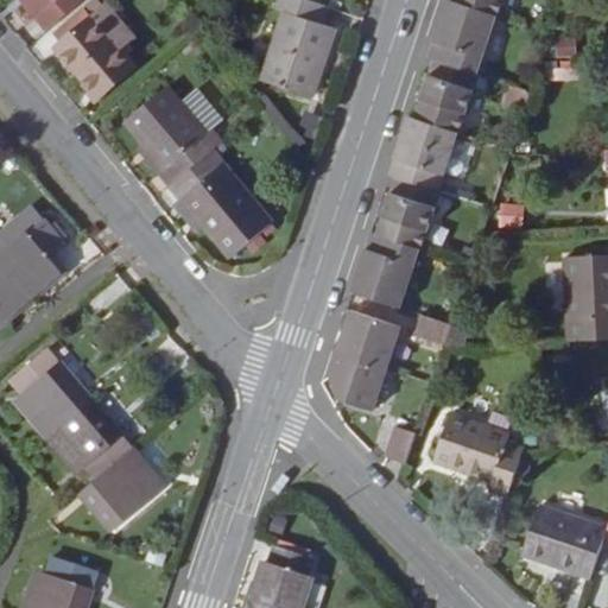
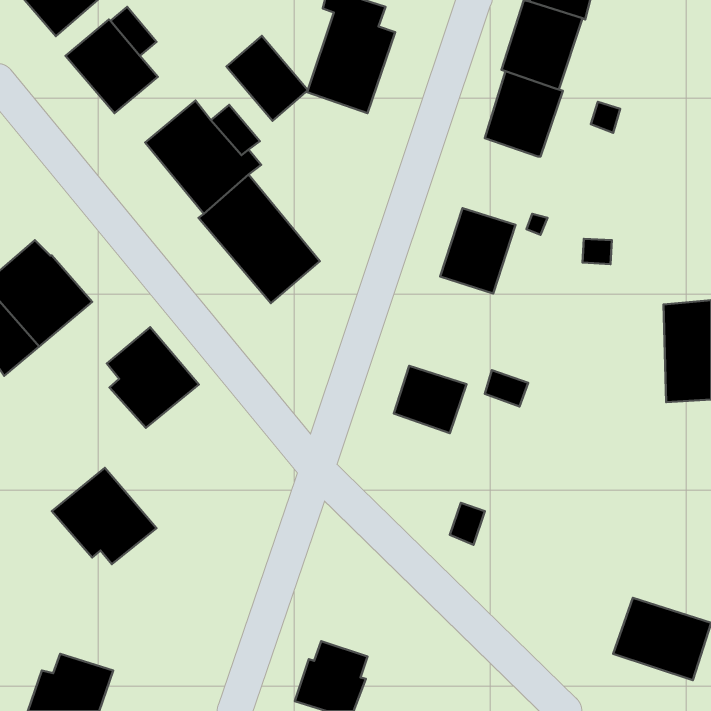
building: none -> [226,36,308,121]
building: [388,115,457,191] -> none
building: [349,233,419,309] -> none
building: [11,349,89,435] -> [107,327,199,428]
building: [327,352,382,411] -> none
building: [432,414,521,496] -> none
building: [80,449,163,528] -> none

